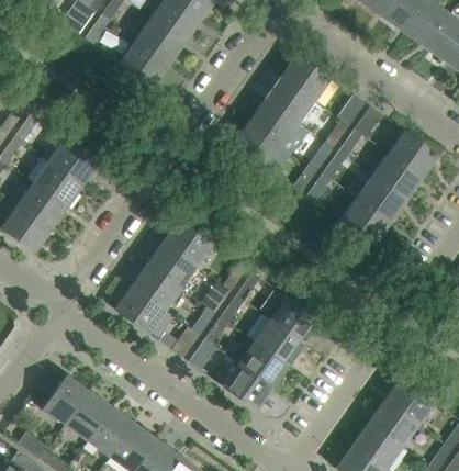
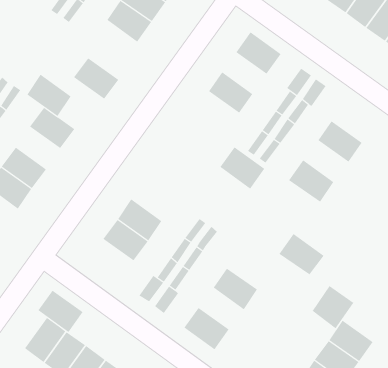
building: [119,40,170,87] -> [73,57,119,100]
building: [265,76,315,123] -> none
building: [233,120,284,168] -> [219,146,265,189]
building: [388,130,439,178] -> none
building: [33,159,83,208] -> [26,74,71,117]
building: [356,175,407,222] -> none
building: [163,218,214,266] -> none
building: [114,285,166,334] -> [37,290,83,333]
building: [270,295,322,343] -> [279,233,325,275]
building: none -> [312,285,354,329]
building: [238,340,290,388] -> none

